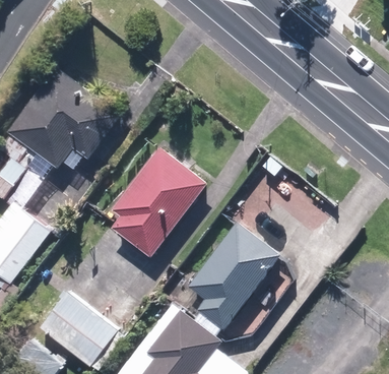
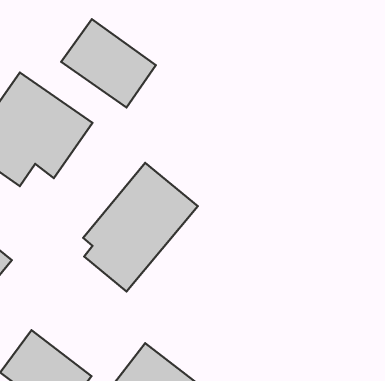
building: none -> [61,19,156,108]
building: [187,222,279,328] -> none

